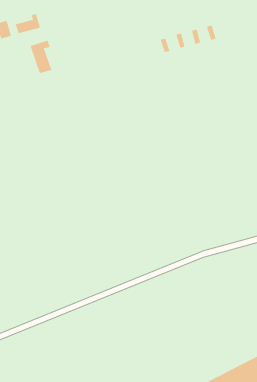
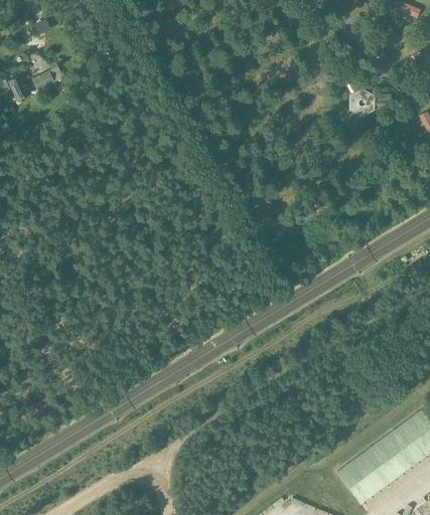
building: [30,40,52,74] -> none

